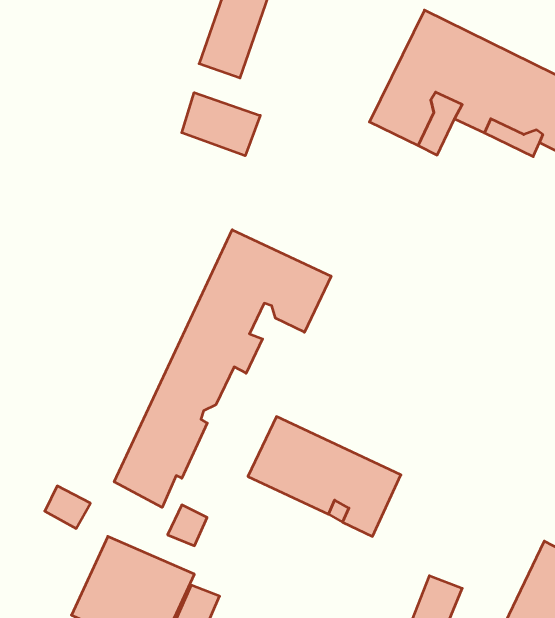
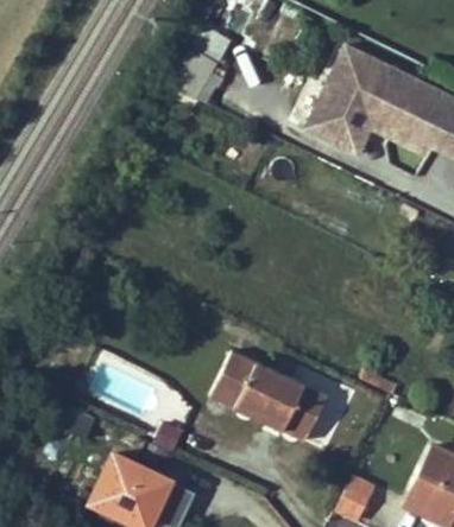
building: [182,93,260,156] -> none
building: [114,230,331,507] -> none

